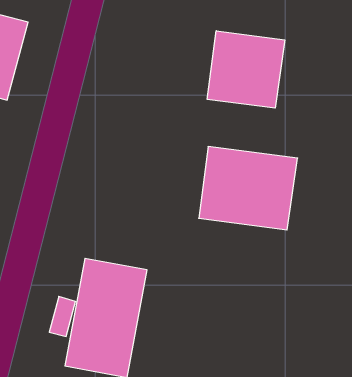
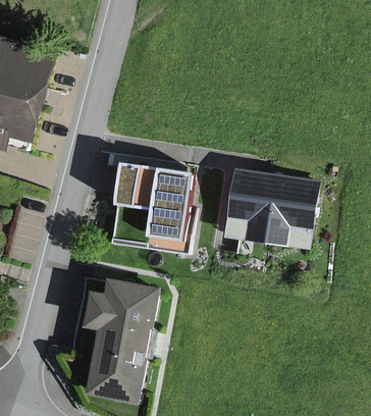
building: [207,31,285,108] -> none
building: none -> [101,163,186,257]

